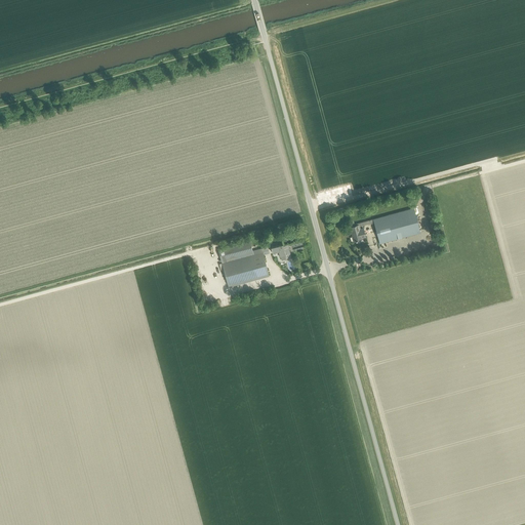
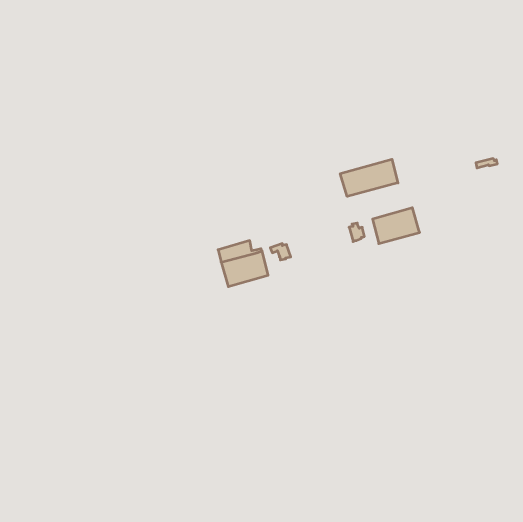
building: none -> [340,159,398,196]

